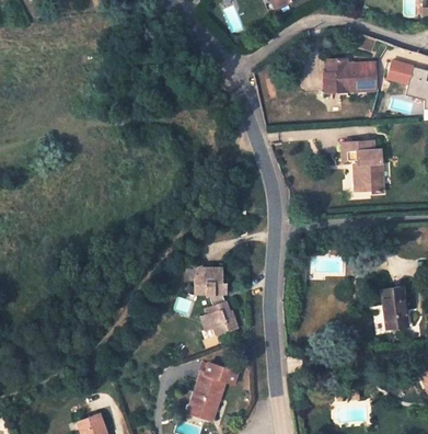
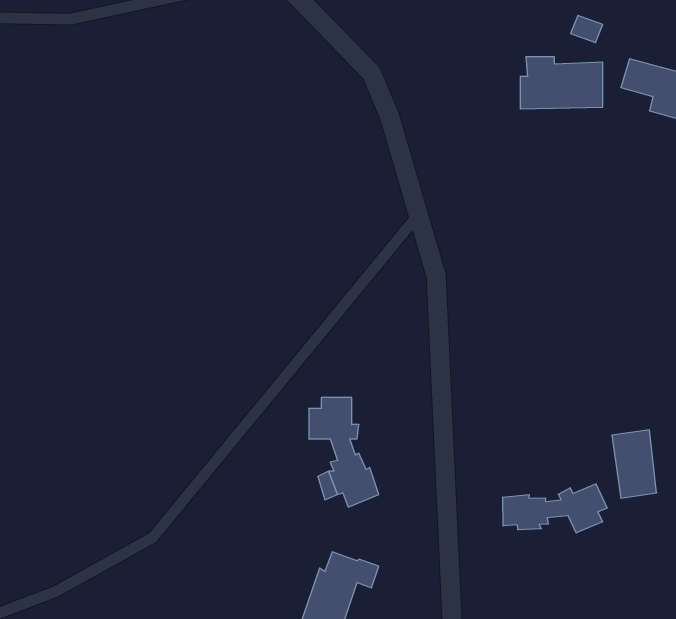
building: [342,140,383,193] -> none
building: none -> [503,484,607,533]

